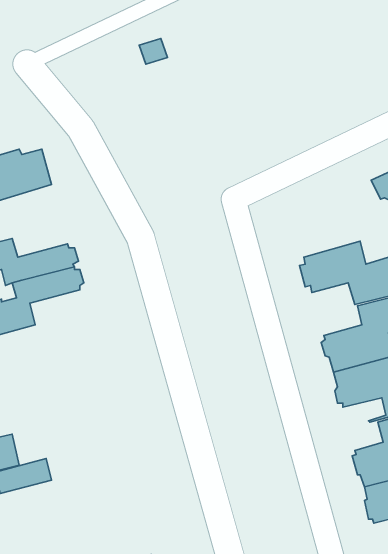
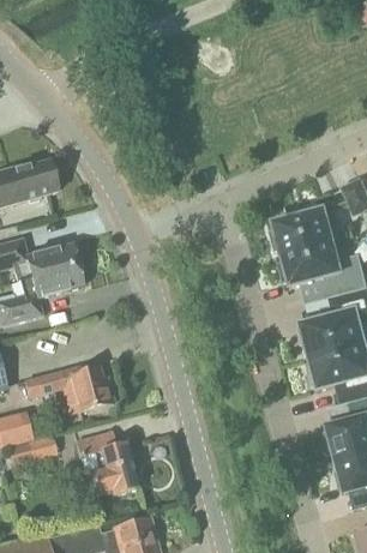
building: none -> [270,203,335,256]
building: none -> [24,363,114,414]
building: none -> [74,429,137,495]

